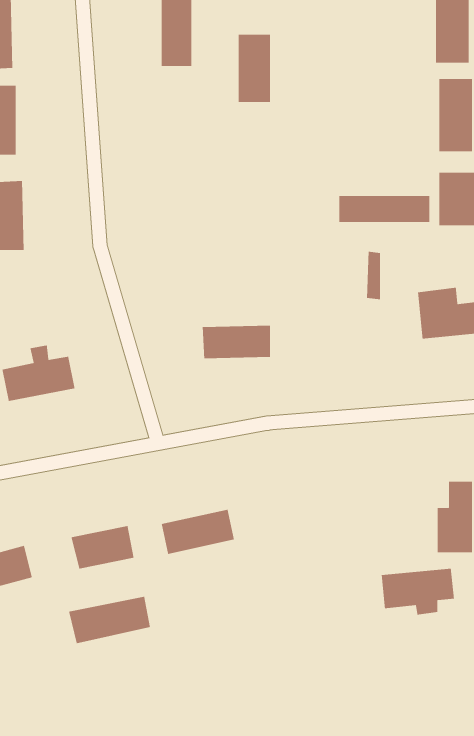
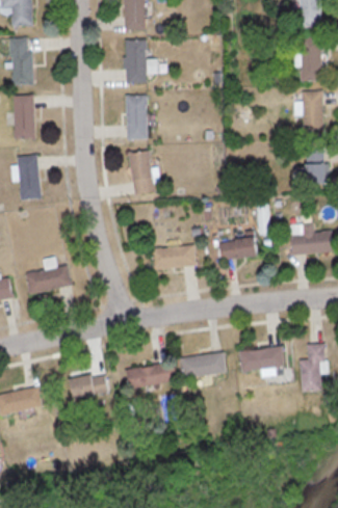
building: [238,34,271,103] -> [126,96,147,139]
building: none -> [130,151,153,194]
building: [338,195,430,223] -> none
building: none -> [218,238,258,259]
building: none -> [181,353,227,379]
building: [381,568,455,616] -> [239,347,286,377]
building: [68,596,151,644] -> none

